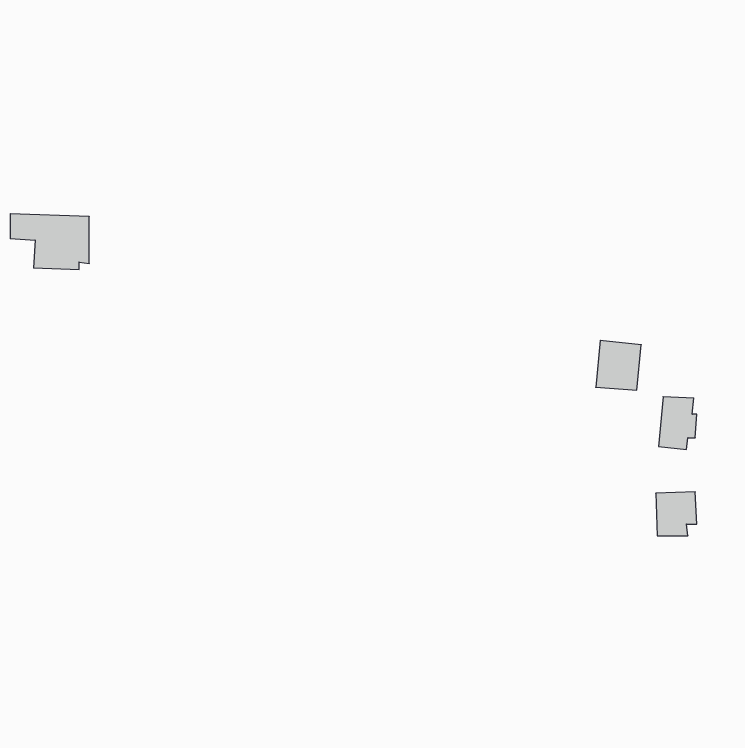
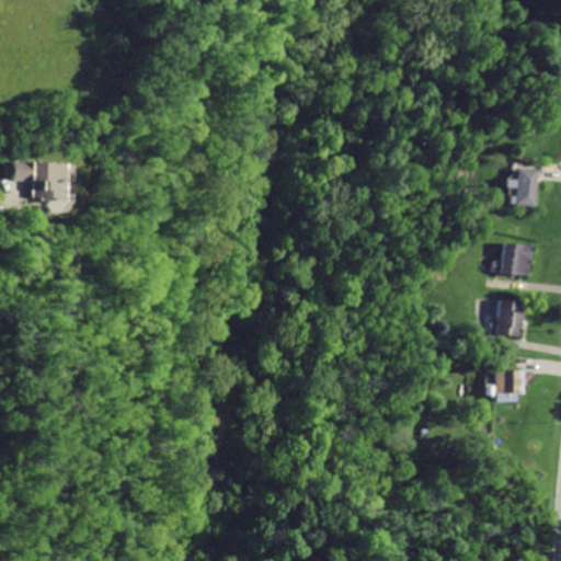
building: none -> [510,167,538,205]
building: [596,340,641,390] -> [500,240,534,277]

